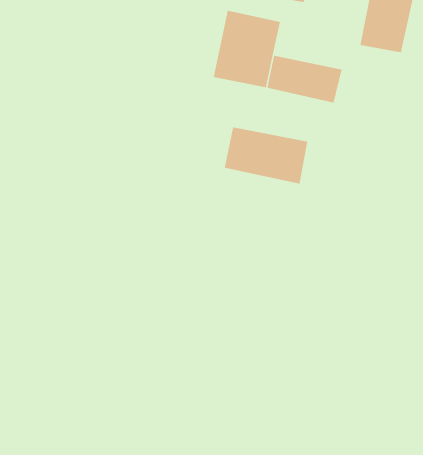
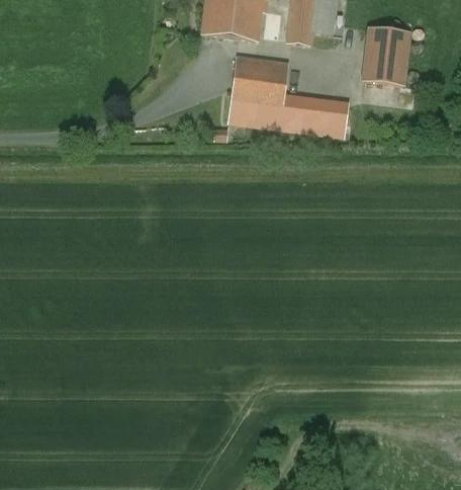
building: [224,126,308,185] -> none

